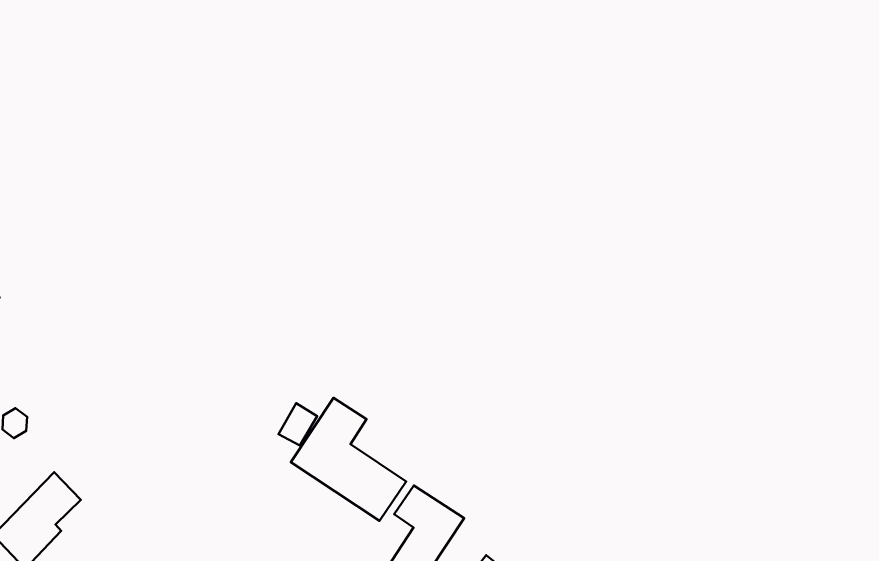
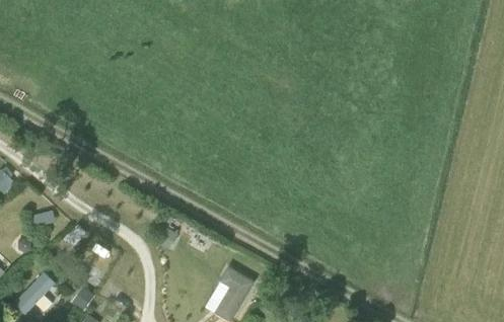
building: [291,398,406,521] -> none

